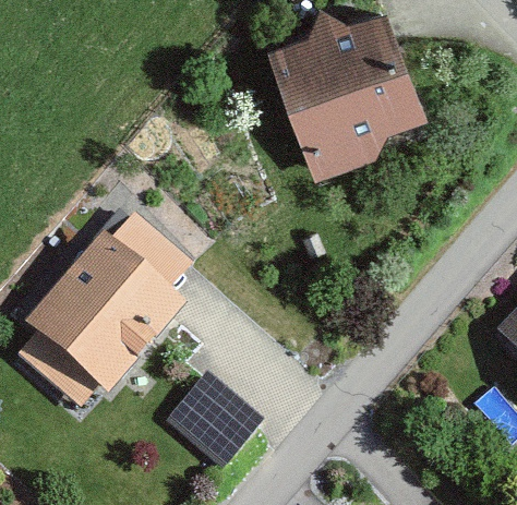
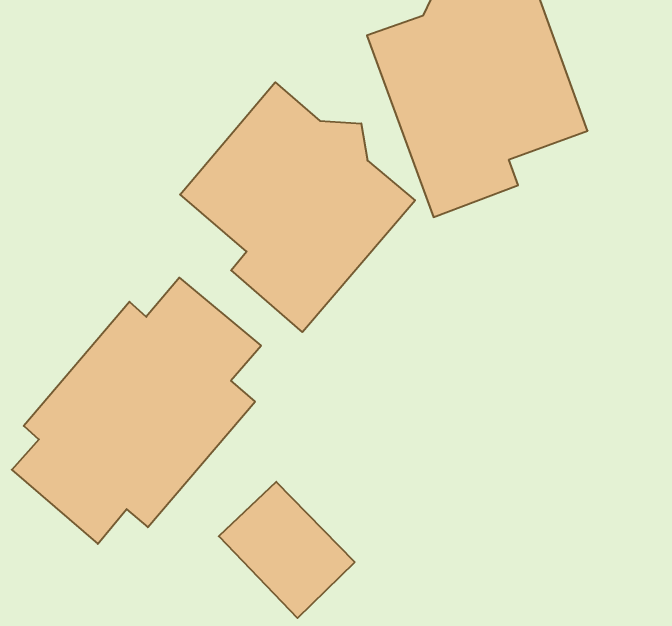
building: none -> [180,82,415,332]

